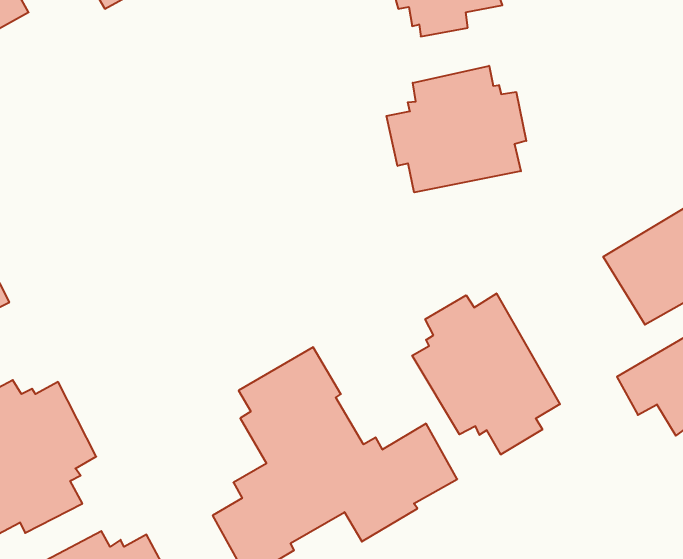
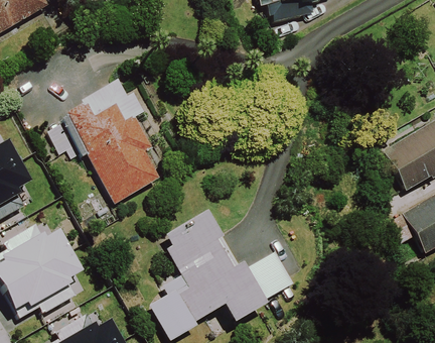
building: [386,66,526,192] -> none
building: none -> [46,87,157,206]
building: [412,293,560,455] -> none

